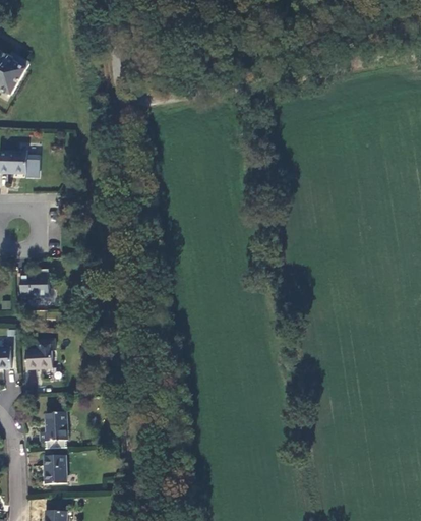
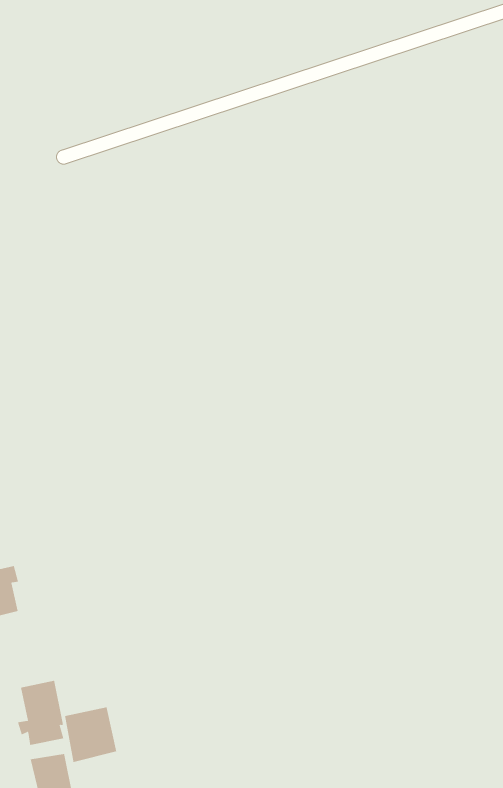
building: none -> [64,707,117,763]

